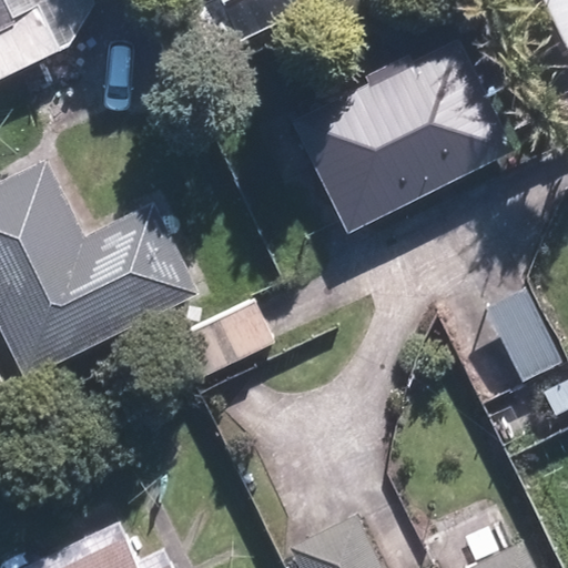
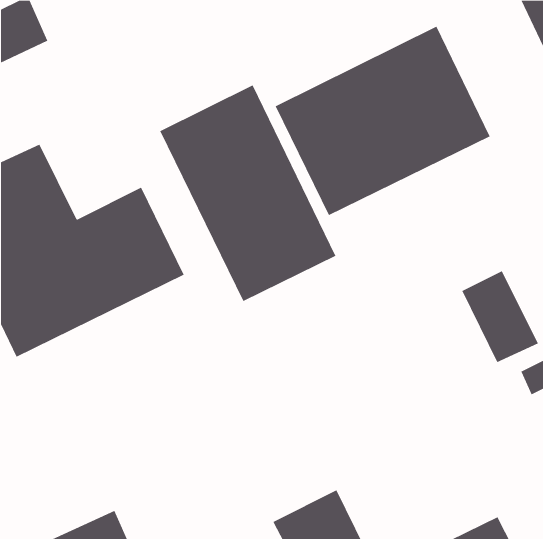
building: none -> [159,84,336,302]

